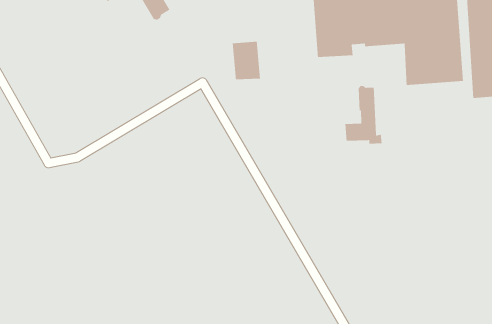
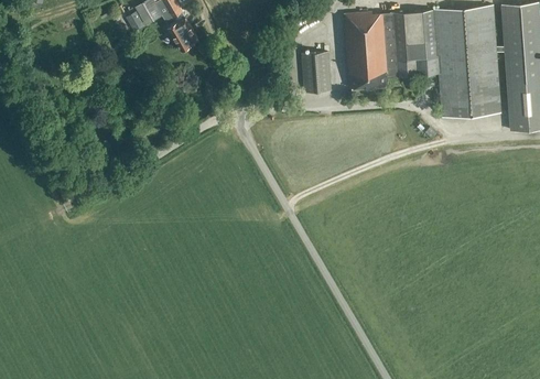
building: [232,41,261,80] -> [301,52,331,93]
building: [345,85,382,144] -> none

